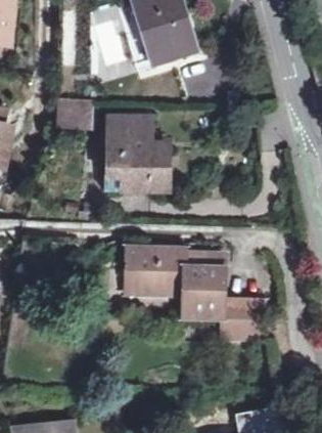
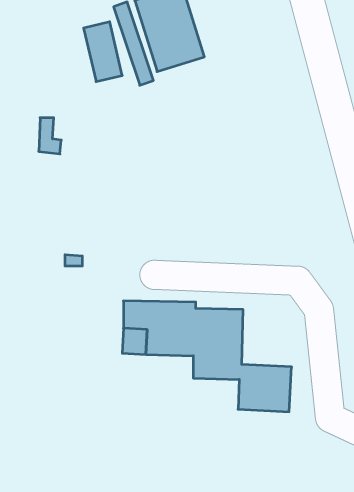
building: [108,118,167,191] -> none

